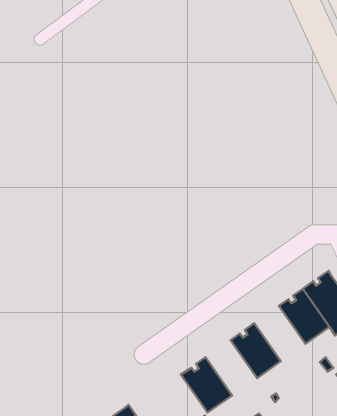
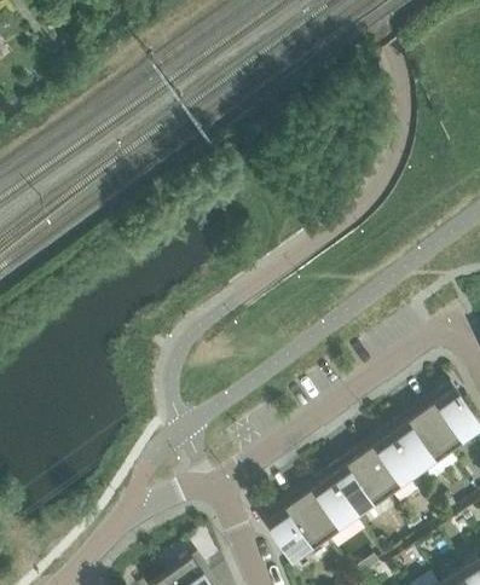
building: none -> [357,428,422,498]
building: none -> [295,471,360,541]

